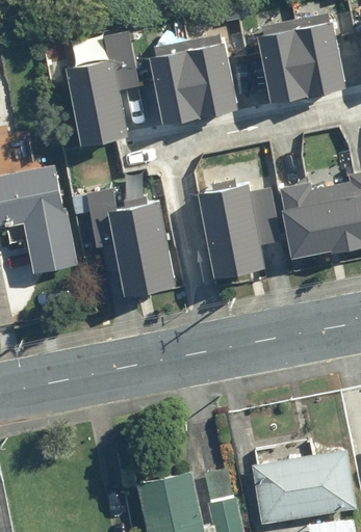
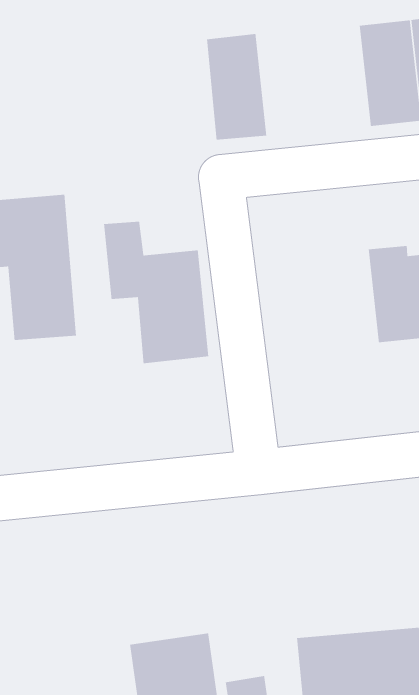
building: [69,33,139,145] -> none
building: [185,34,236,115] -> none
building: [201,183,280,273] -> none

